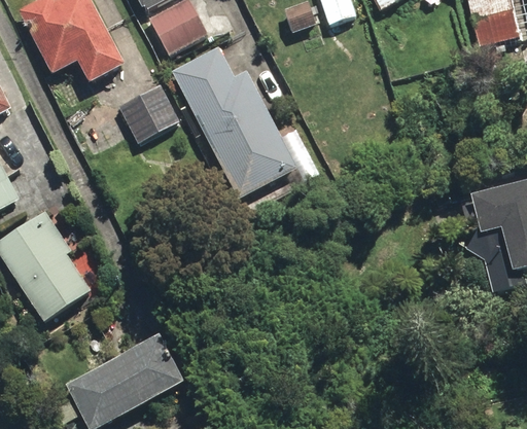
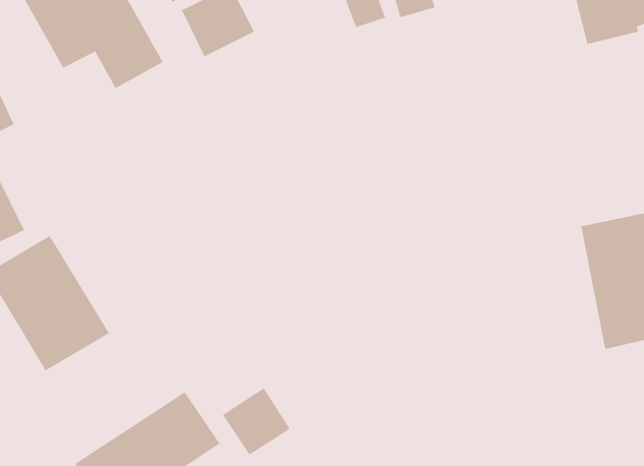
building: [177,37,300,196] -> none
building: [119,88,176,143] -> none
building: none -> [222,387,291,455]

